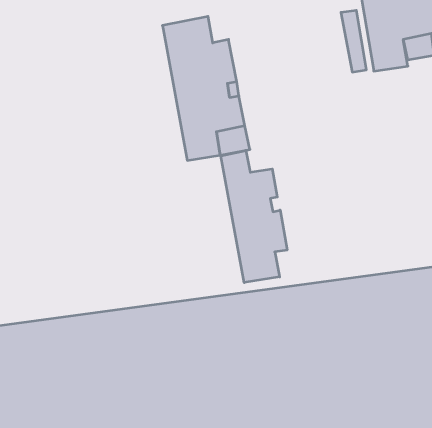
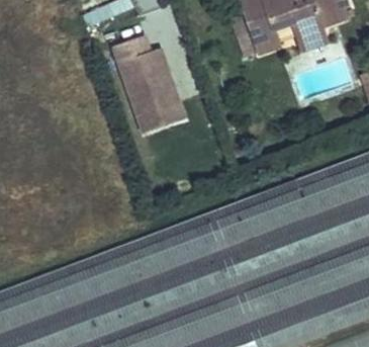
building: [221,150,287,283] -> none

